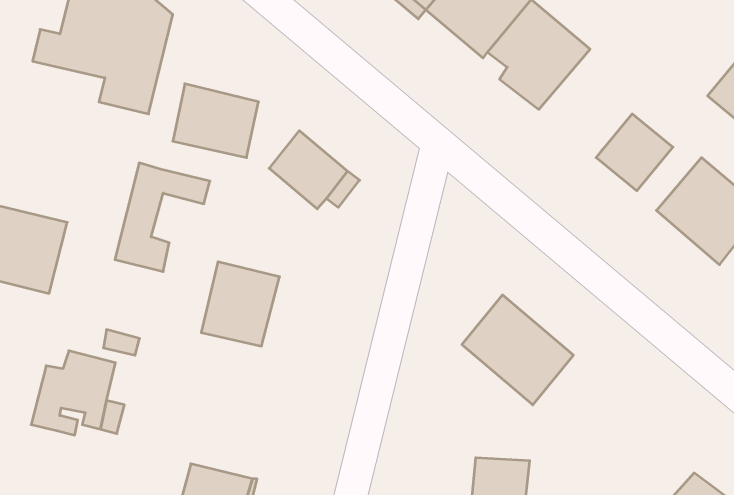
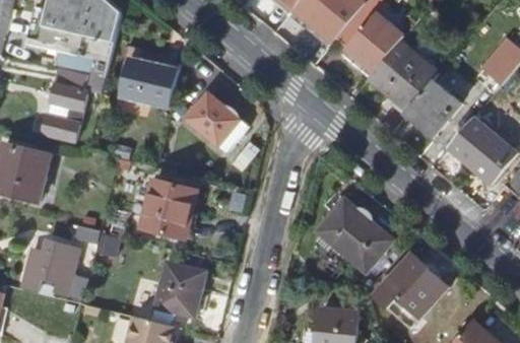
building: none -> [380,43,441,104]
building: [115,163,210,272] -> [41,67,105,140]
building: none -> [376,257,447,330]
building: none -> [151,260,206,319]

